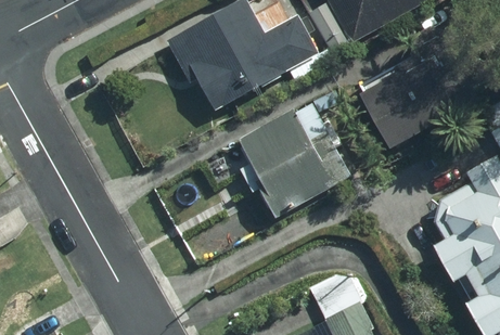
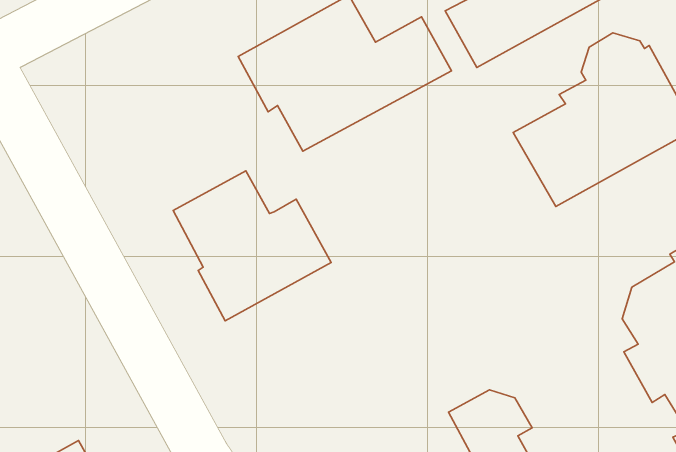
building: [238,113,346,216] -> [173,171,331,321]

